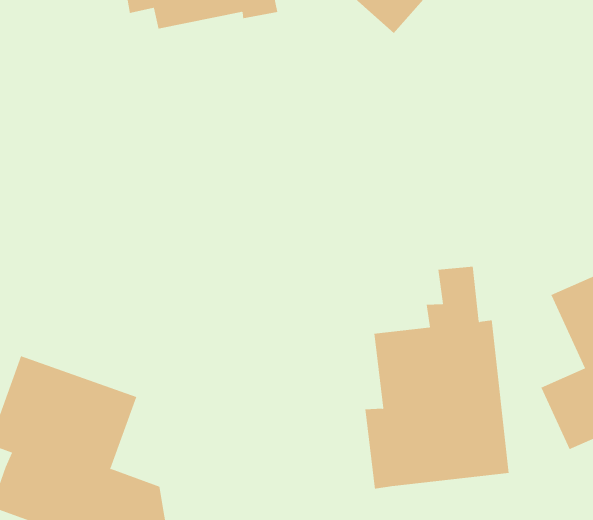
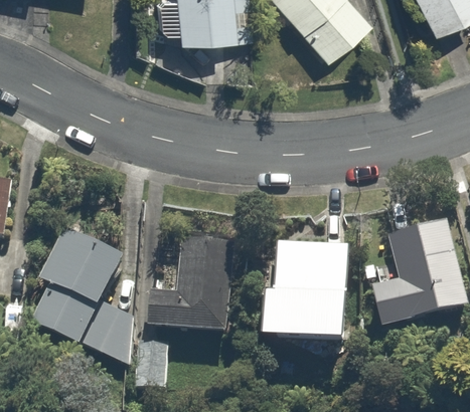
building: none -> [147,232,233,329]

